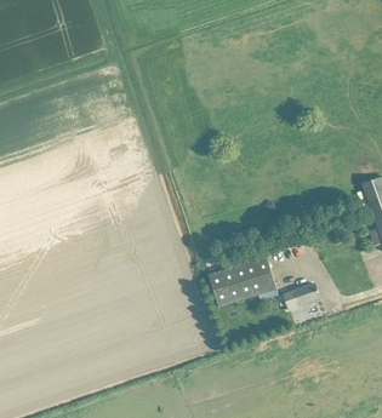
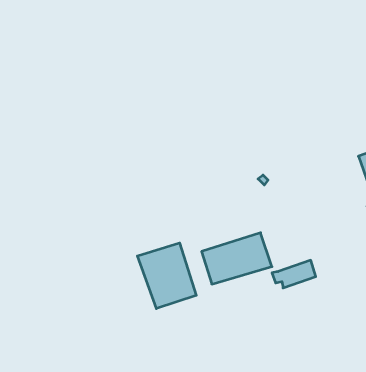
building: none -> [137,243,196,309]

